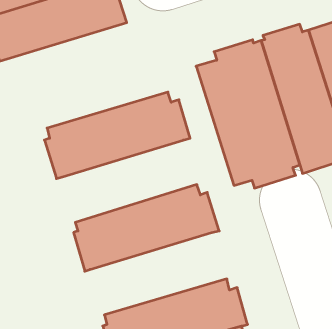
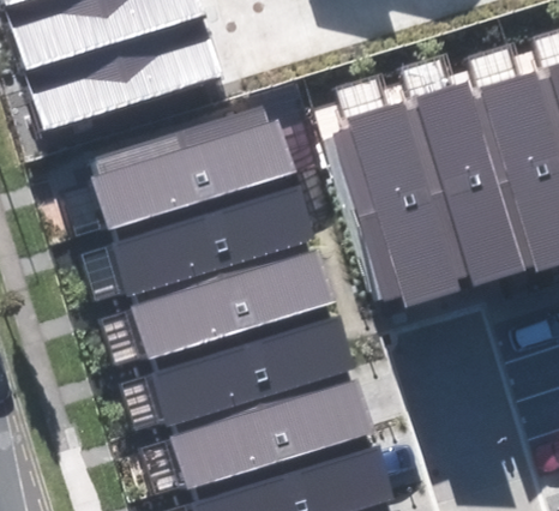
building: none -> [89,107,294,228]
building: none -> [130,242,333,359]
building: none -> [170,372,374,488]

